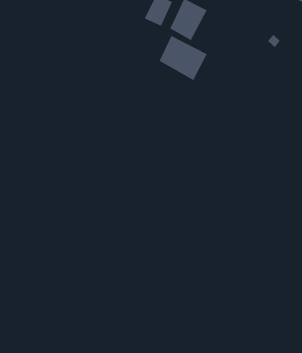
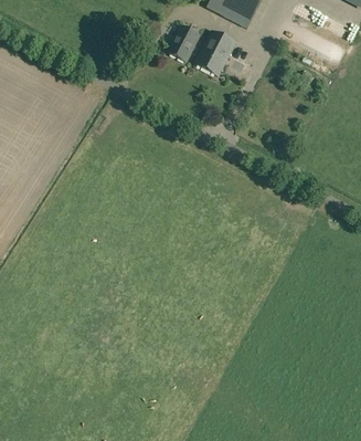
building: [159,35,208,81] -> none

